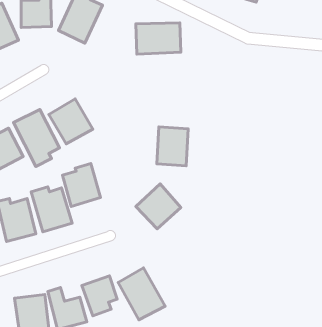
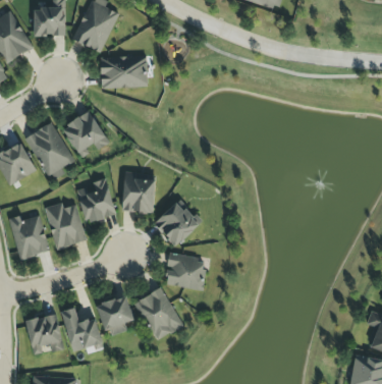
building: [136,23,181,54] -> [100,56,147,89]
building: [157,127,188,166] -> [122,172,155,213]
building: none -> [164,254,208,291]

